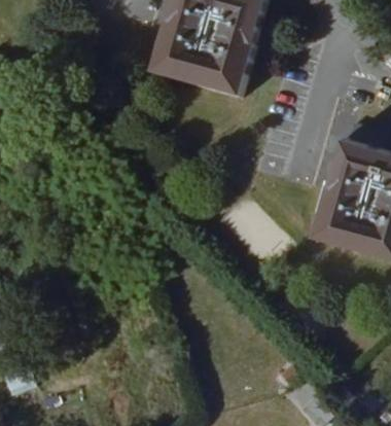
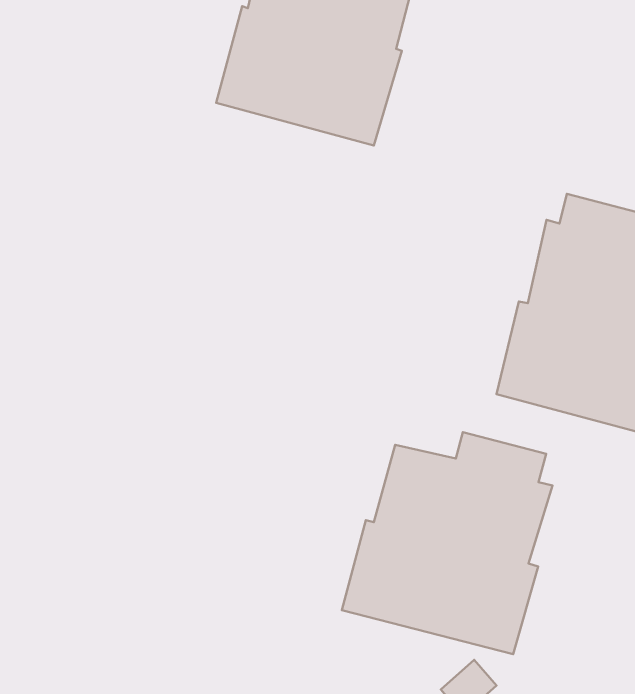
building: none -> [342,432,553,654]

